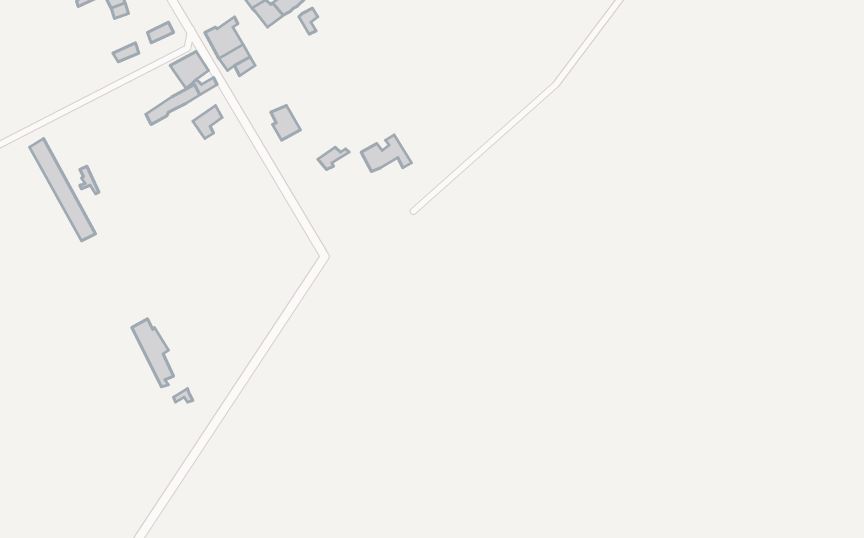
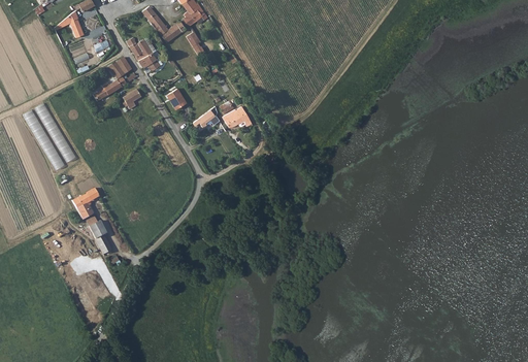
building: none -> [73,187,100,219]

